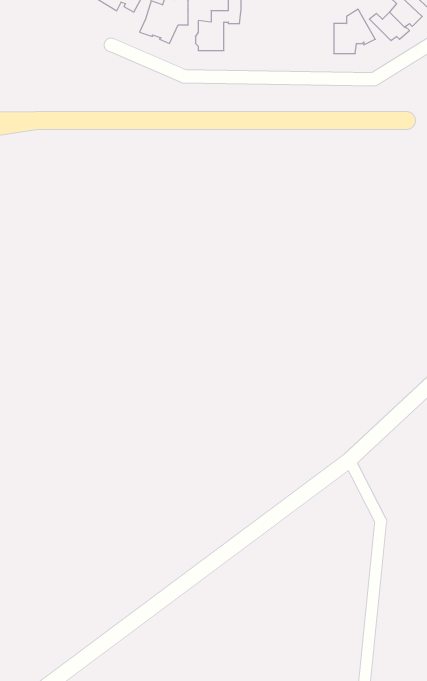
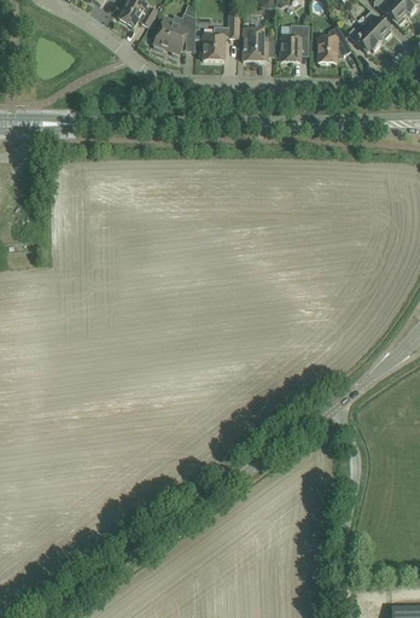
building: none -> [280,24,309,60]
building: none -> [243,28,267,60]

